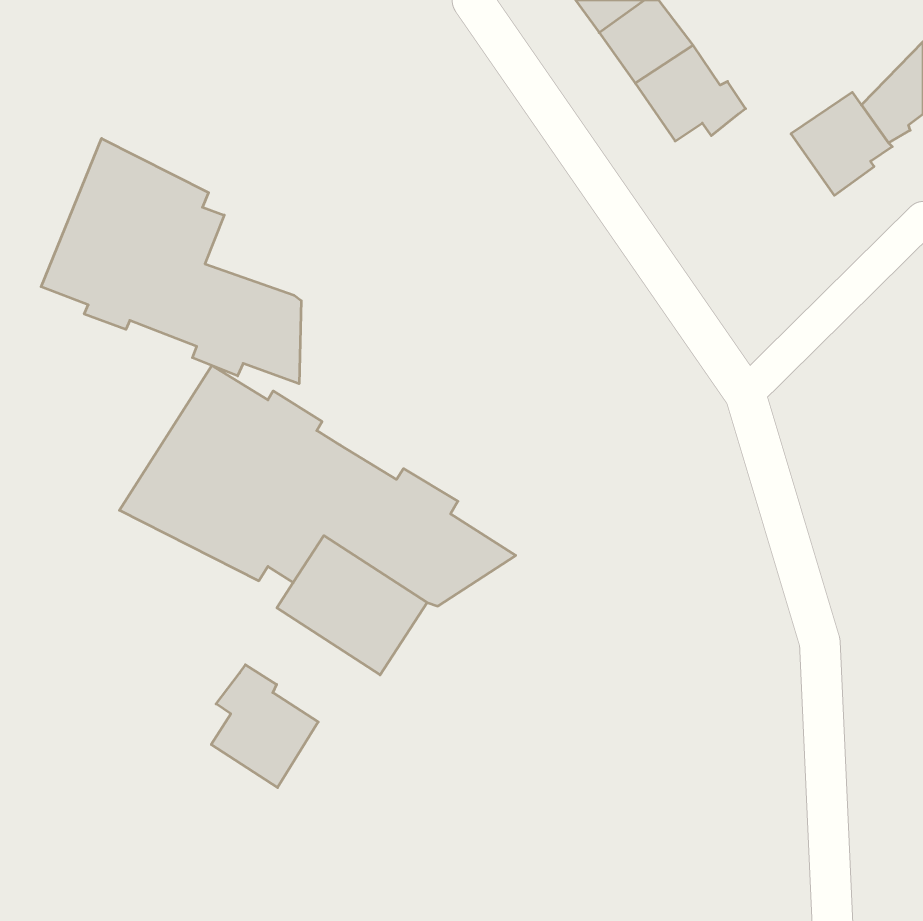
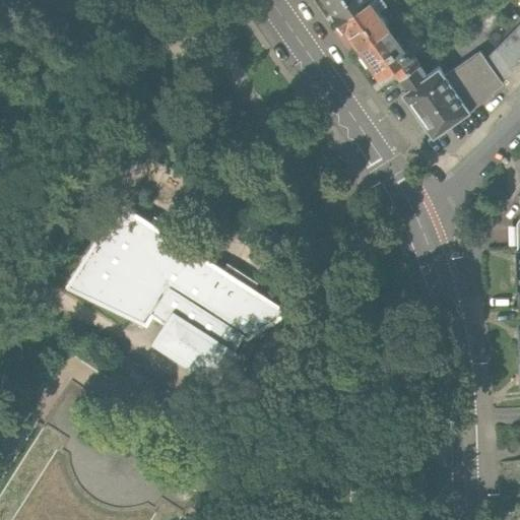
building: none -> [399,66,468,137]
building: [41,138,301,384] -> none
building: [211,665,318,788] -> none

